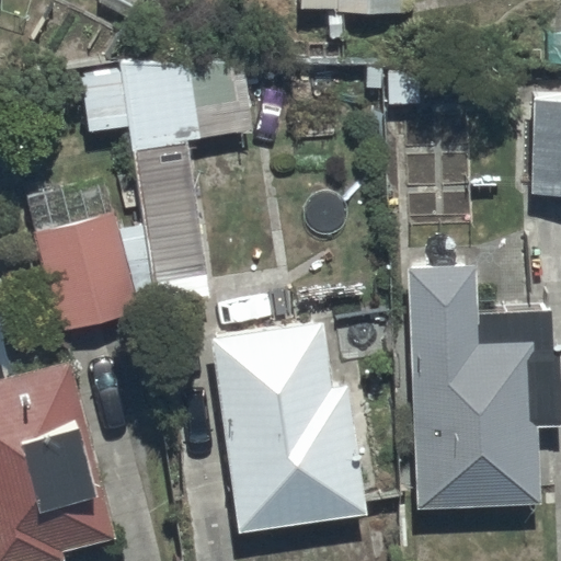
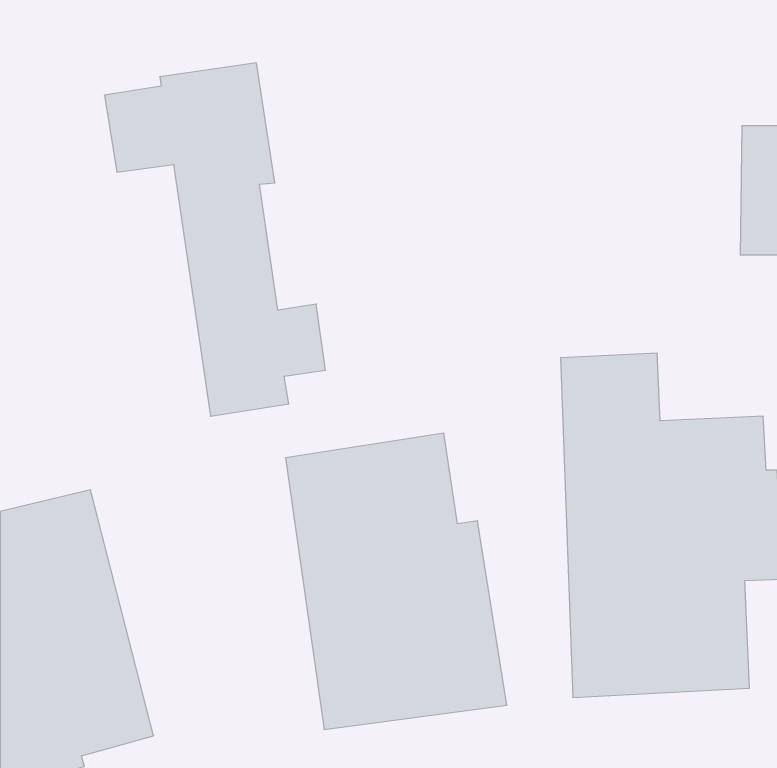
building: [32,216,152,333] -> none

